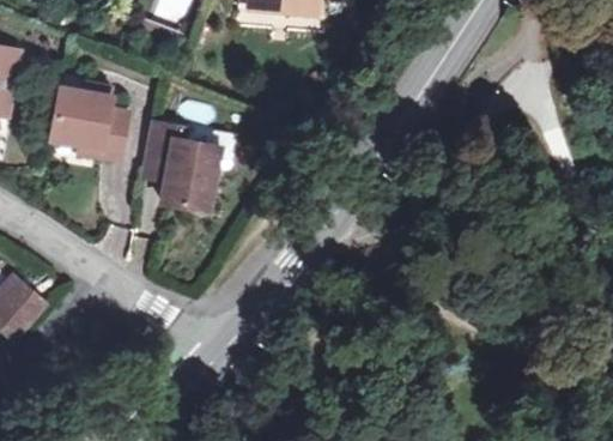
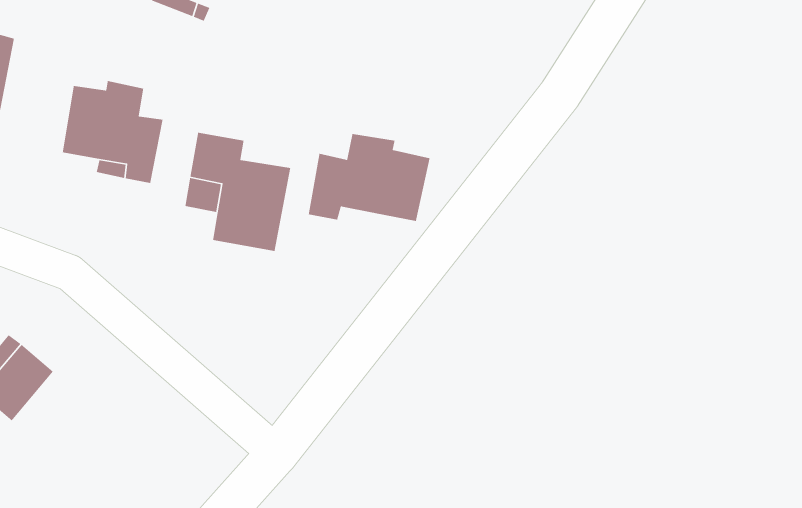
building: none -> [308,133,431,222]

